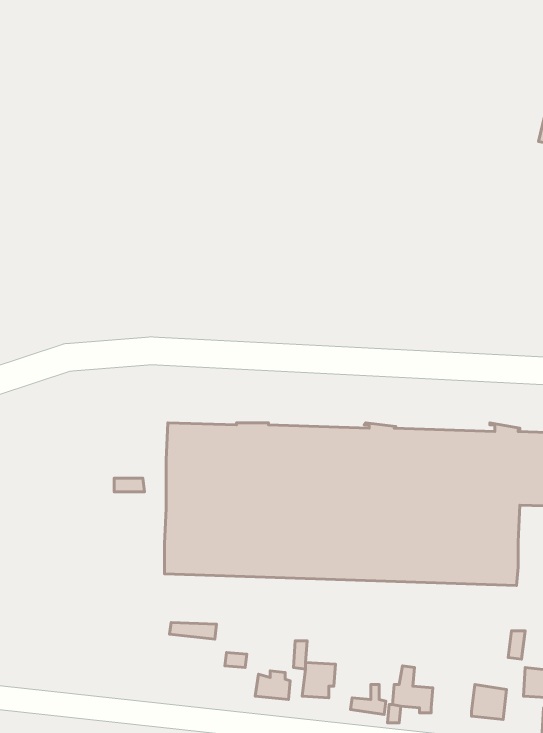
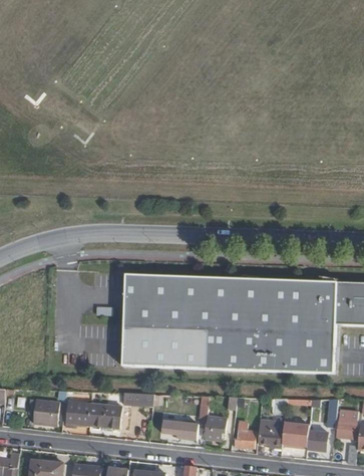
building: none -> [28,399,60,426]
building: none -> [66,402,120,428]
building: none -> [282,423,309,447]

